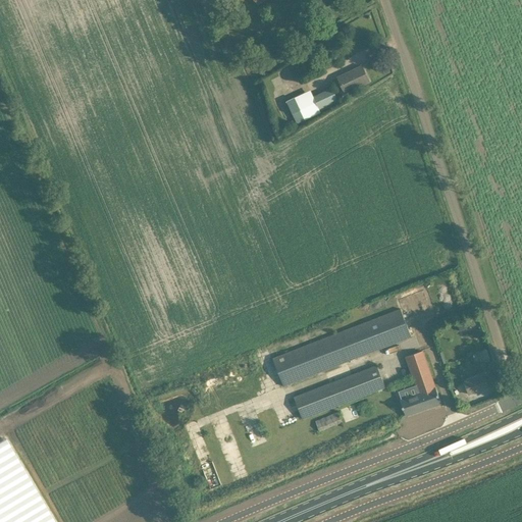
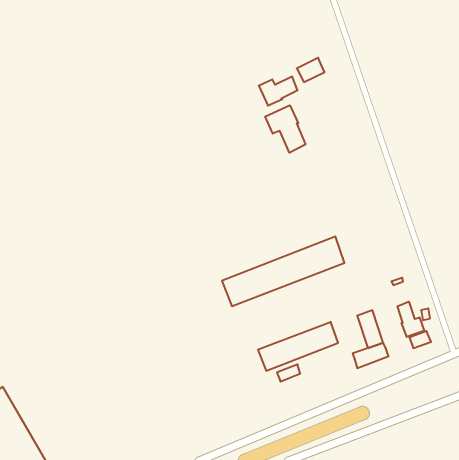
building: none -> [265,105,305,153]
building: [270,309,409,387] -> [222,237,345,306]
building: none -> [397,302,424,337]

